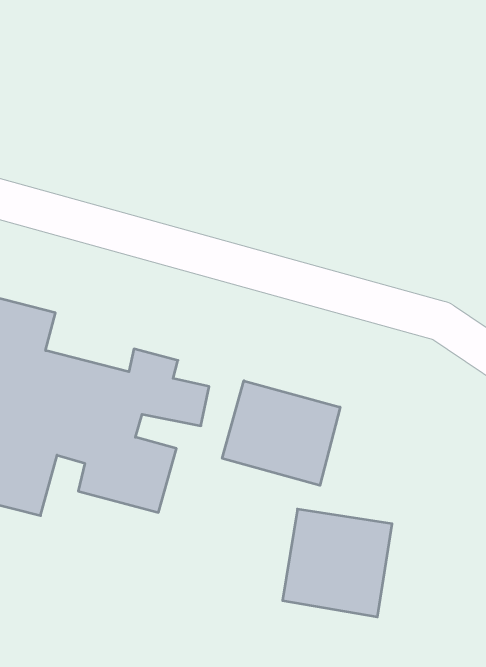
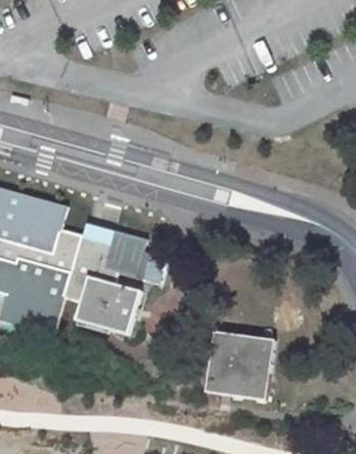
building: [222,381,340,485] -> none

